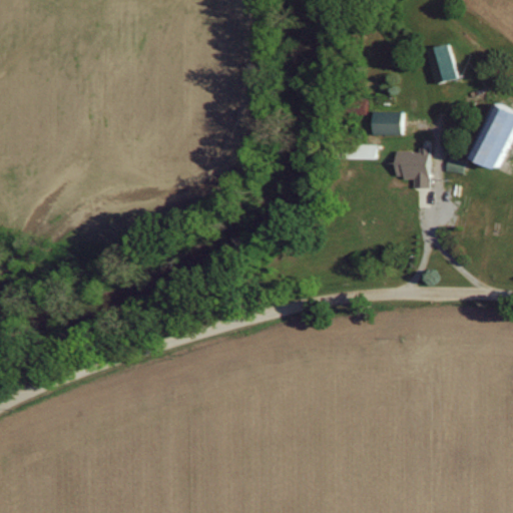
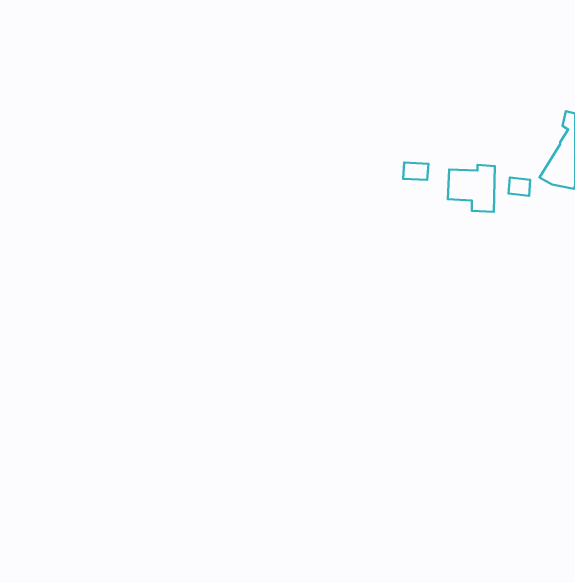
building: [428,43,457,83] -> none
building: [370,110,405,134] -> none

